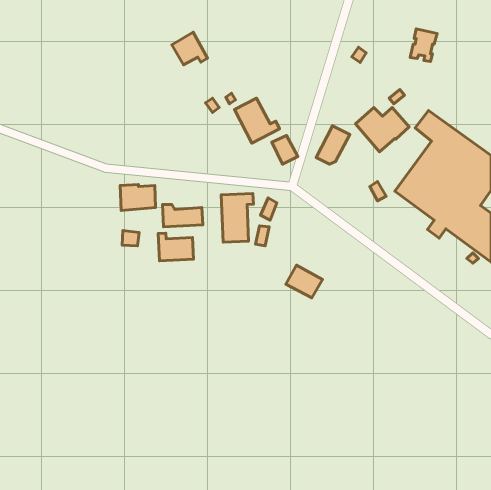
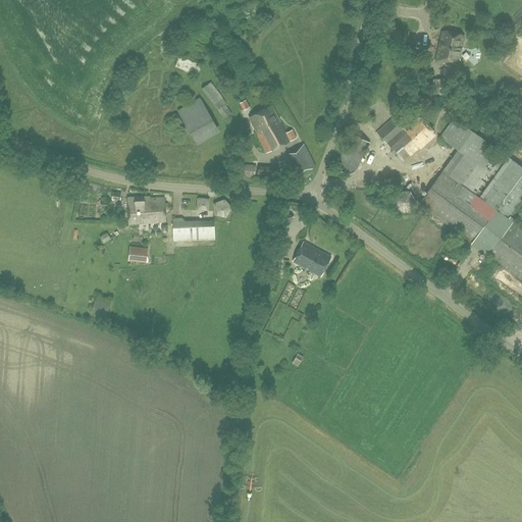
building: [172,32,207,65] -> [177,97,215,132]
building: [221,193,254,242] -> none
building: [158,233,193,261] -> none
building: [286,265,322,298] -> [293,241,331,275]

